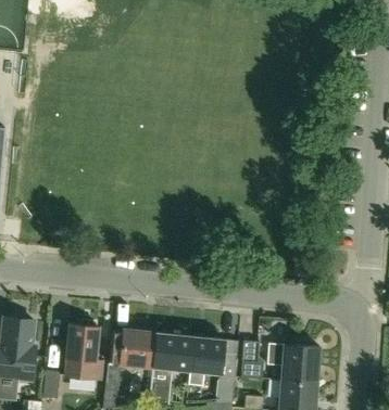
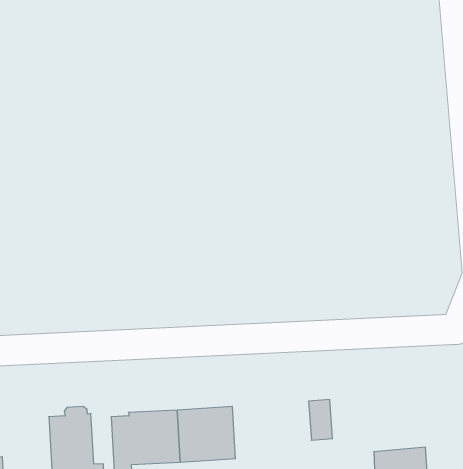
building: [189,336,225,374] -> none
building: [265,344,319,383] -> none

